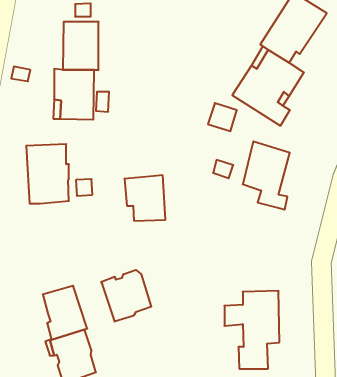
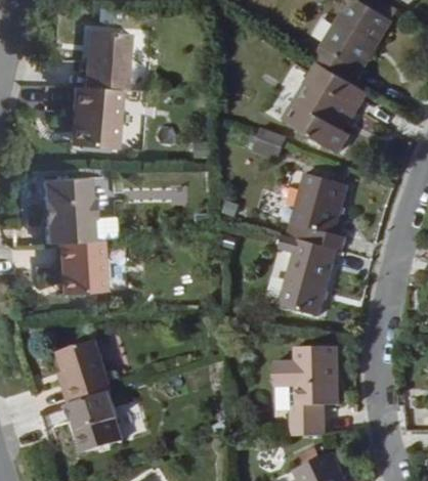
building: [124,175,165,221] -> [56,239,104,293]
building: none -> [276,233,336,316]
building: [101,270,151,322] -> none

